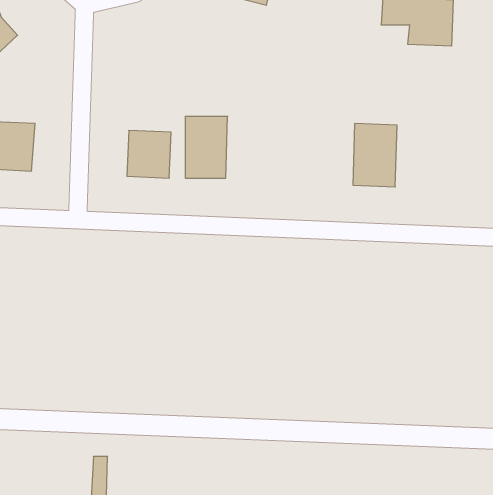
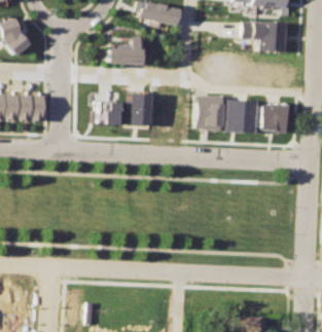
building: none -> [110,36,148,61]
building: none -> [199,94,224,130]
building: none -> [259,104,285,131]

